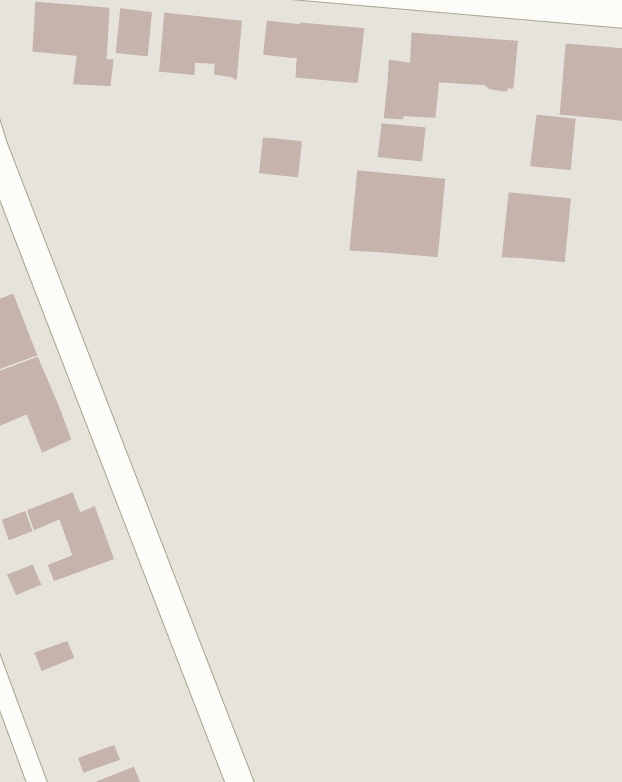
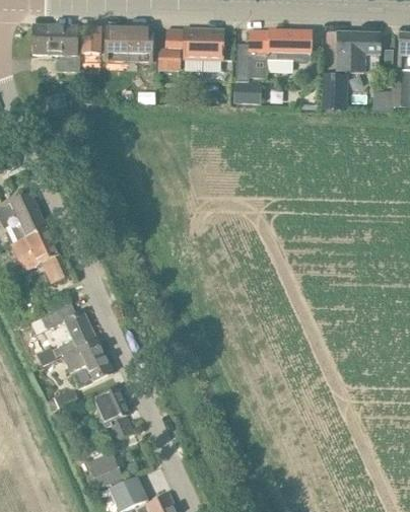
building: [258,137,303,178] -> [156,48,181,70]
building: [349,169,446,258] -> none
building: [501,192,572,263] -> none
building: none -> [62,341,112,386]
building: none -> [91,387,133,439]

